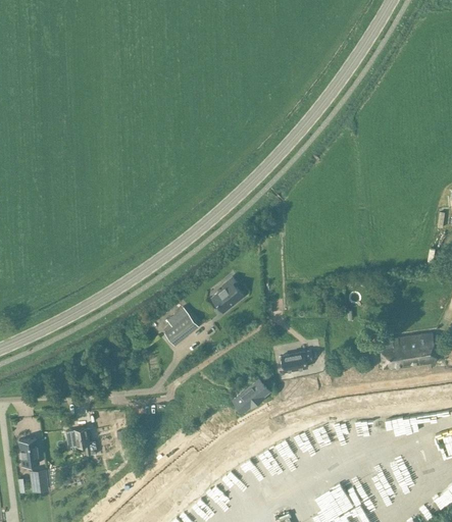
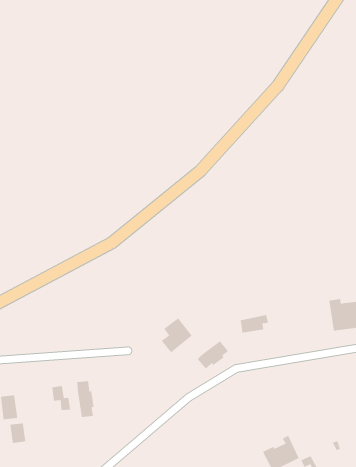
building: [212,277,243,311] -> none
building: [163,306,198,345] -> [161,318,192,353]
building: none -> [77,381,94,418]

